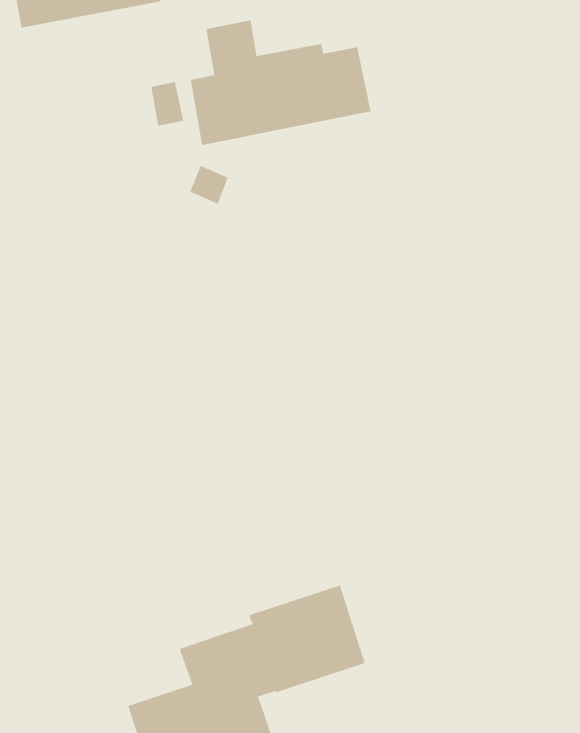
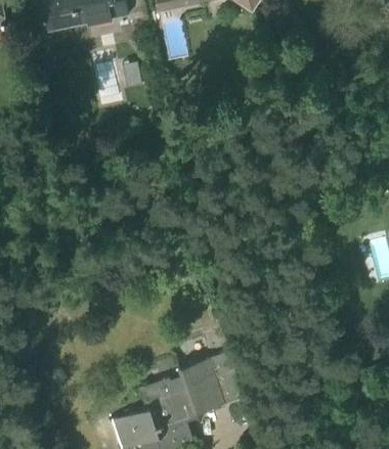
building: [190,19,371,146] -> none

